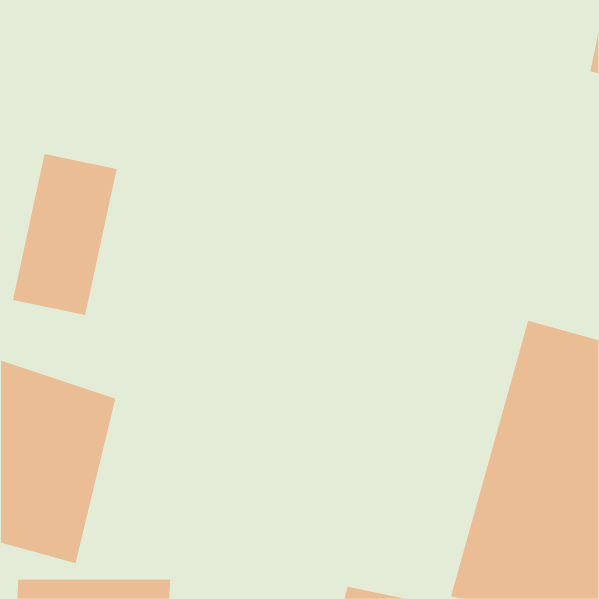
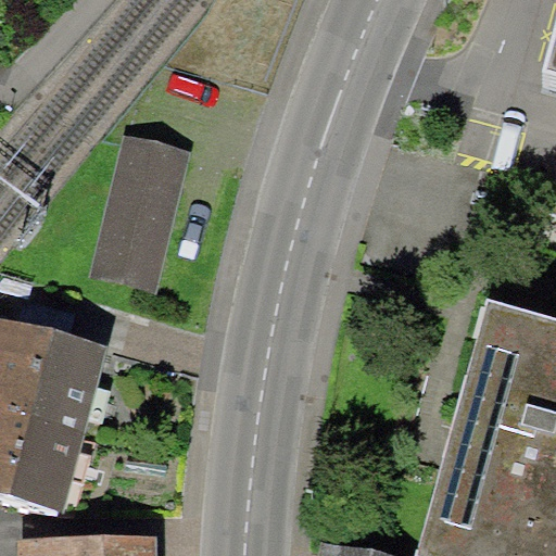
building: [12,154,118,315] -> [89,151,187,301]

